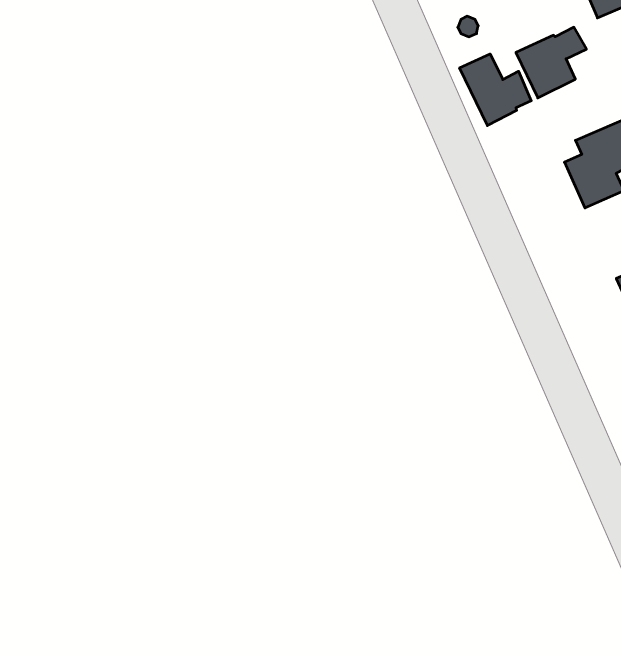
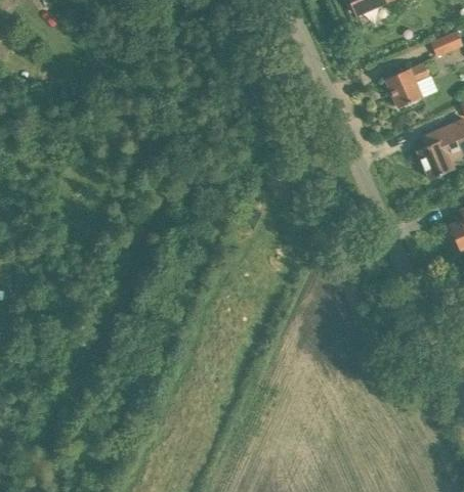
building: [460,54,531,126] -> none

